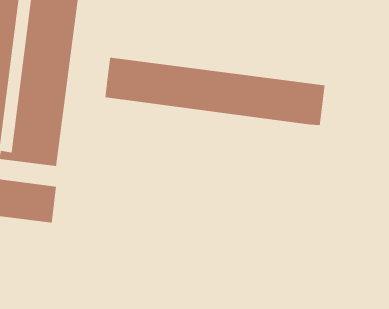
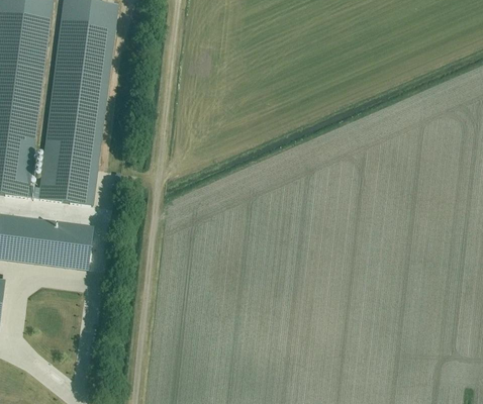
building: [105,57,325,126] -> none

